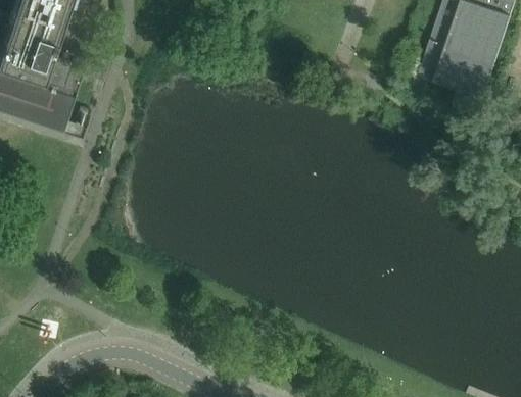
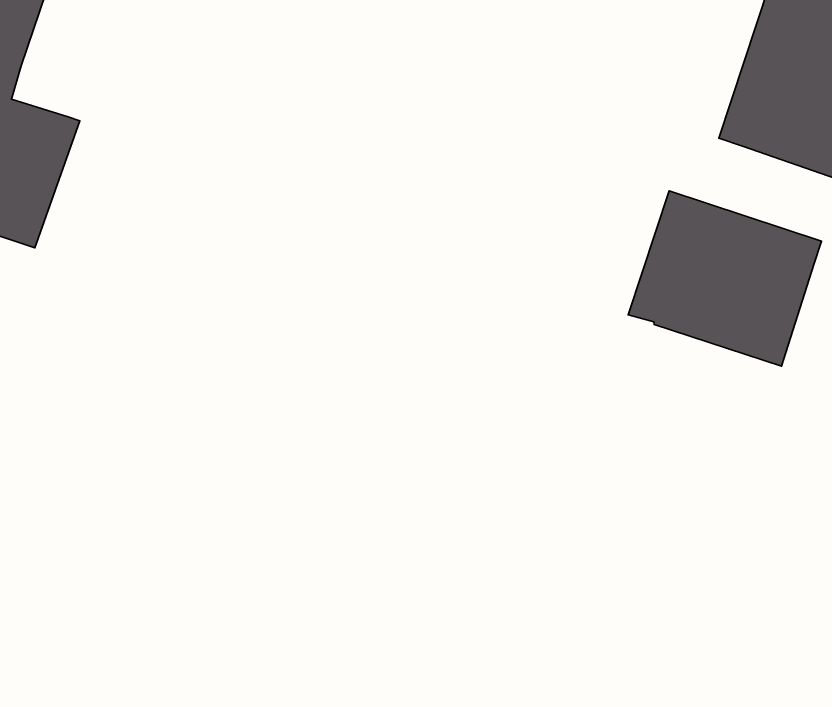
building: none -> [628,191,821,366]

